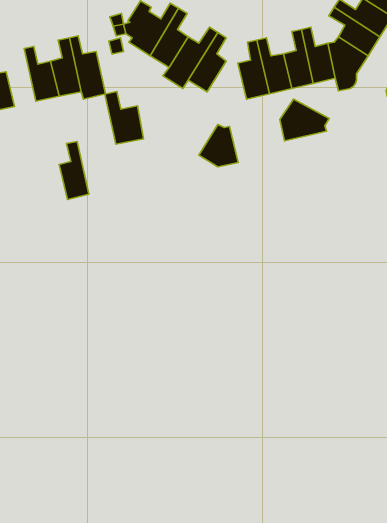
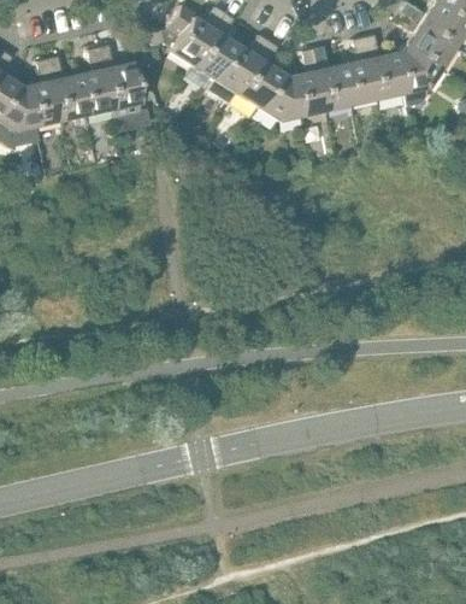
building: [105,91,144,144] -> none
building: [280,99,329,141] -> none
building: [199,124,238,167] -> [259,74,303,122]
building: [59,141,89,200] -> [30,59,64,125]

